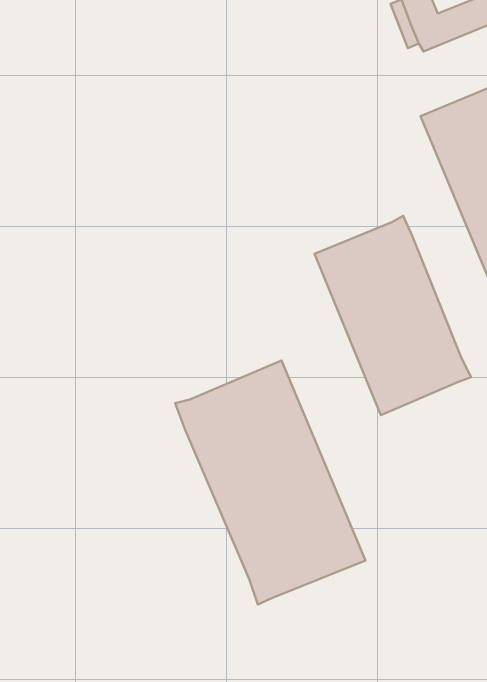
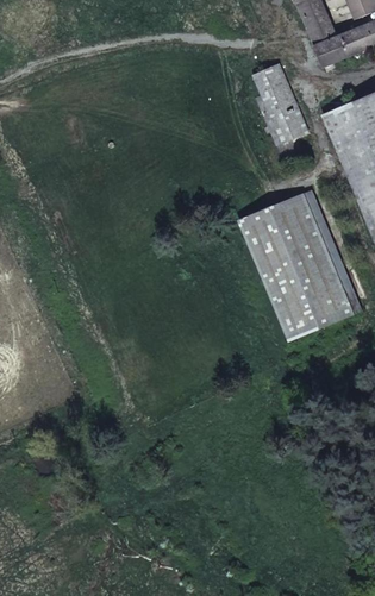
building: none -> [252,64,307,142]
building: [175,361,365,605] -> none

